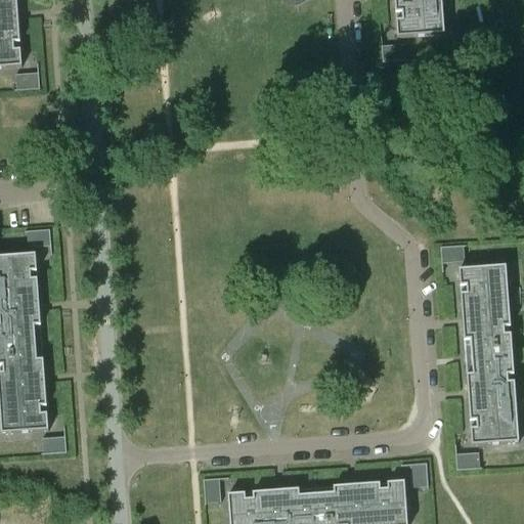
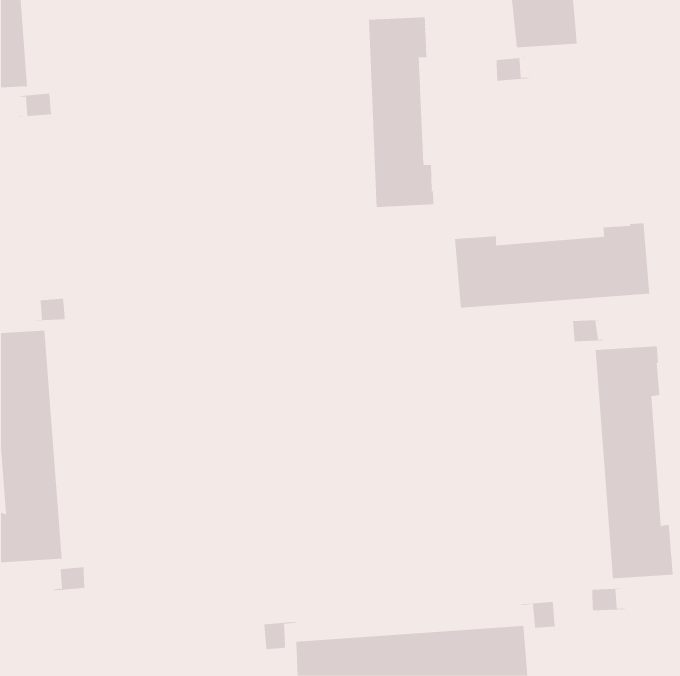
building: none -> [368,16,434,208]
building: none -> [455,223,650,308]

